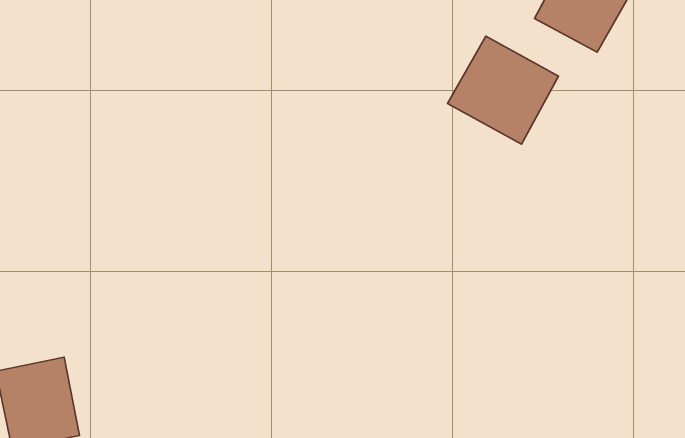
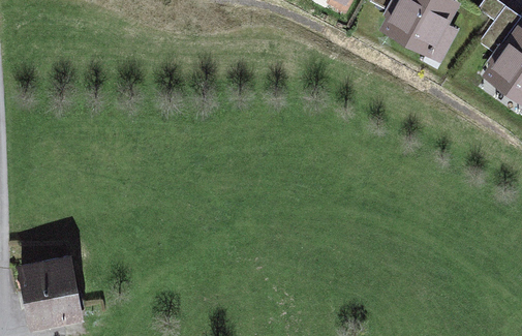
building: [447,36,558,144] -> none

